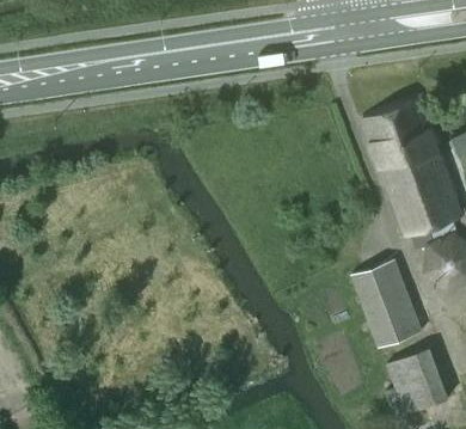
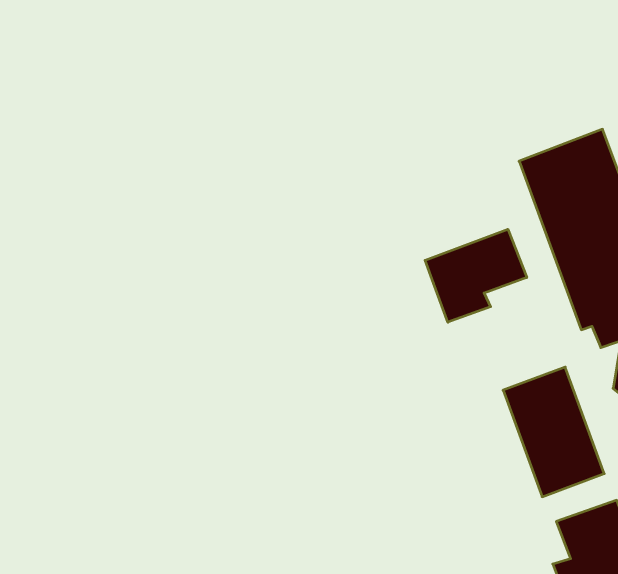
building: none -> [425,229,527,322]

